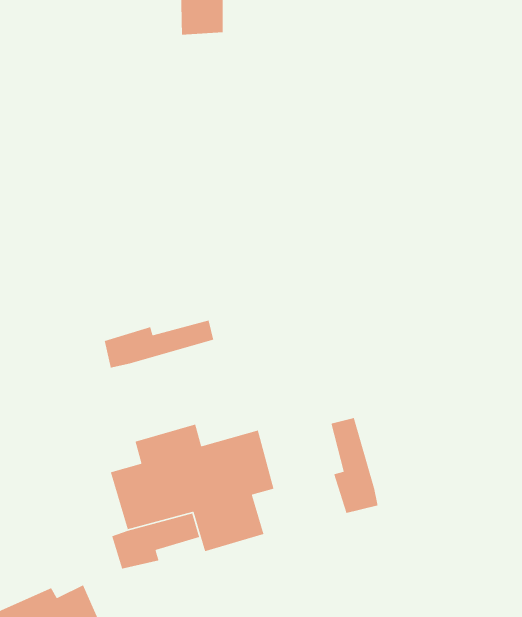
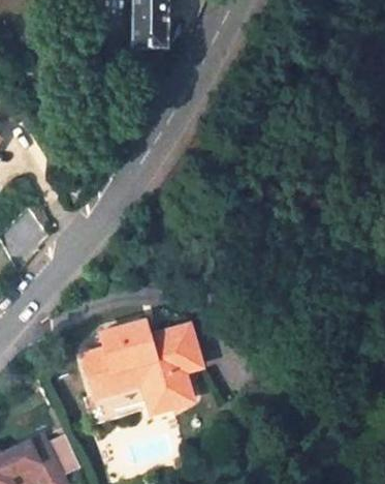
building: [104,320,214,369] -> none
building: [331,417,378,514] -> none

